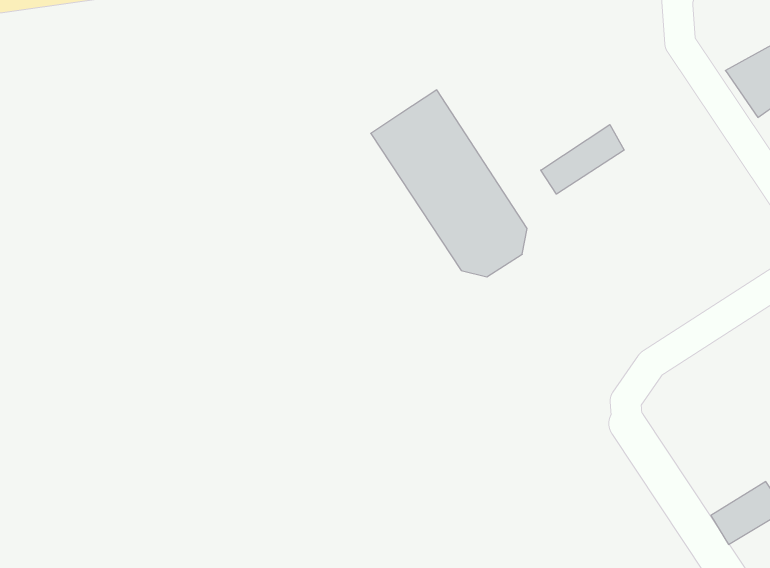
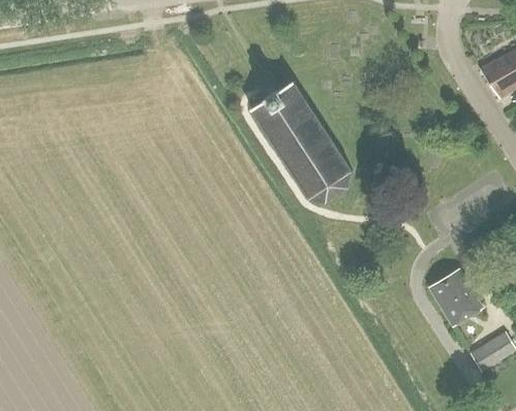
building: [541,125,624,194] -> none
building: none -> [429,268,483,325]

